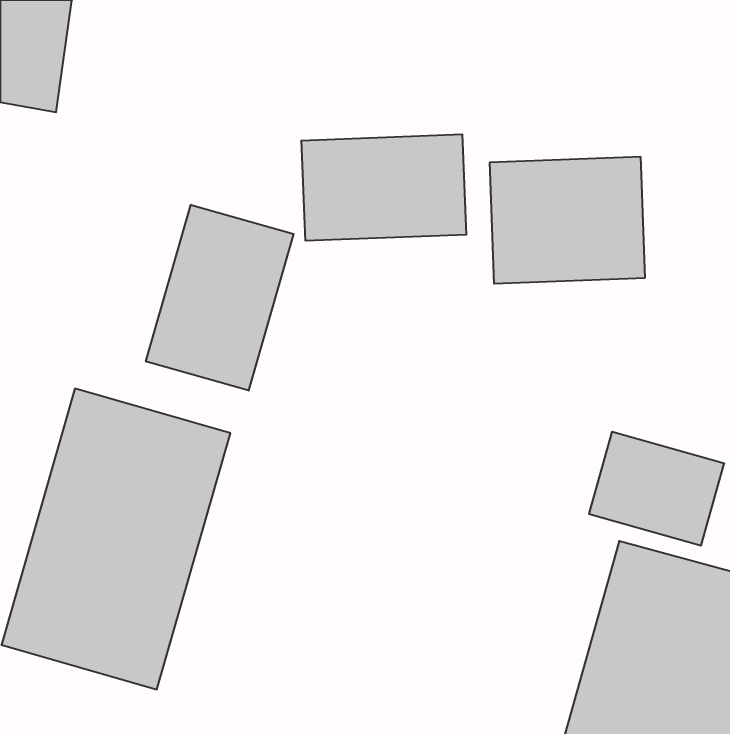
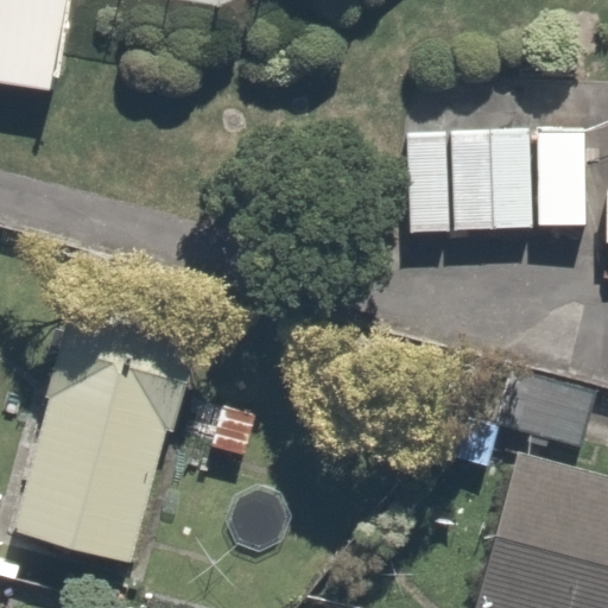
building: [302,134,466,241] -> none
building: [146,205,294,391] -> none

